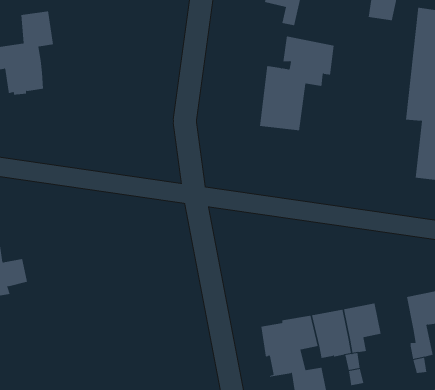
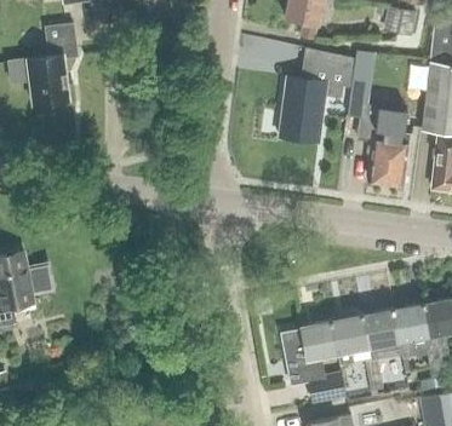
building: none -> [347,51,411,184]
building: none -> [393,303,431,356]

